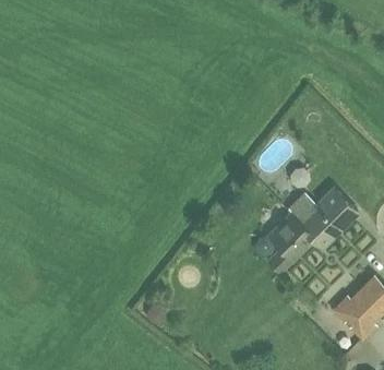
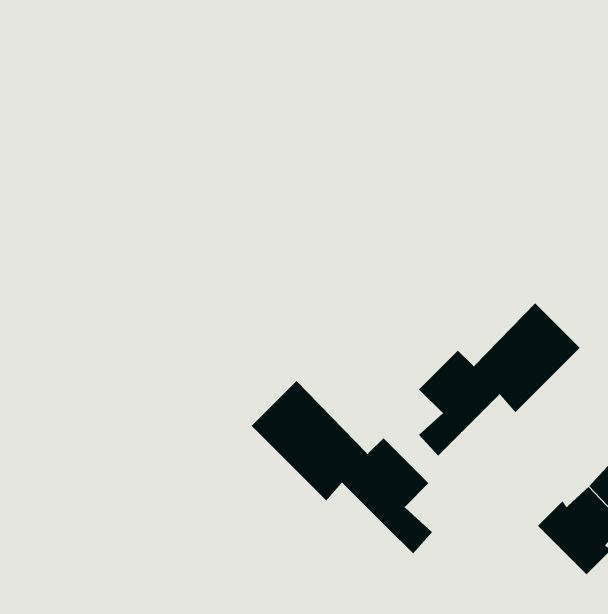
building: none -> [251,380,433,554]

